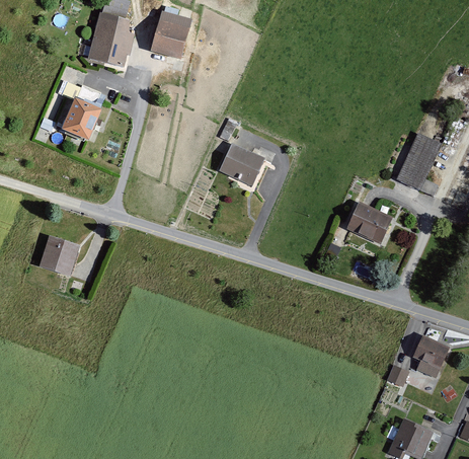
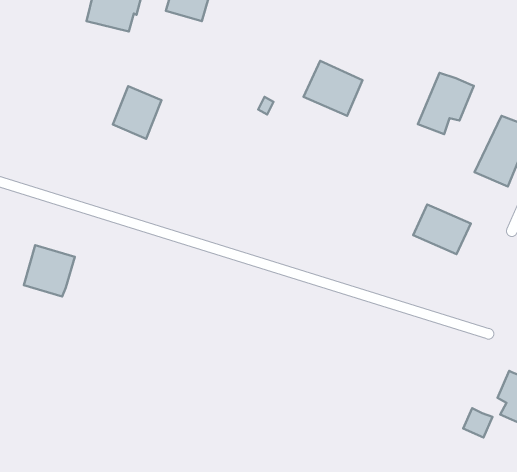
building: [62,97,100,139] -> [113,86,161,139]
building: none -> [418,73,474,134]
building: [218,142,264,185] -> [303,61,362,116]

